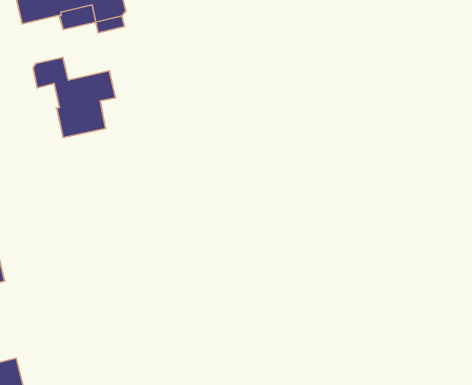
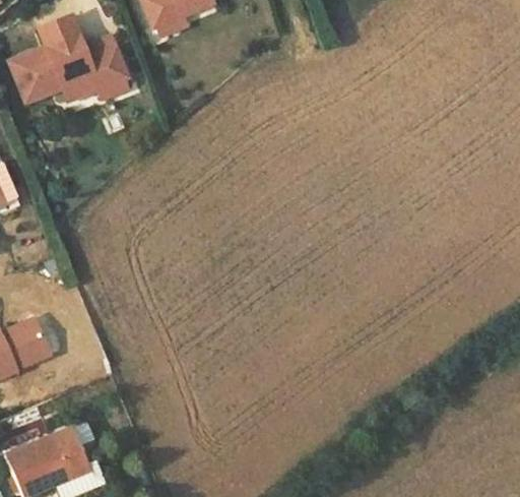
building: [33,57,115,138] -> none

